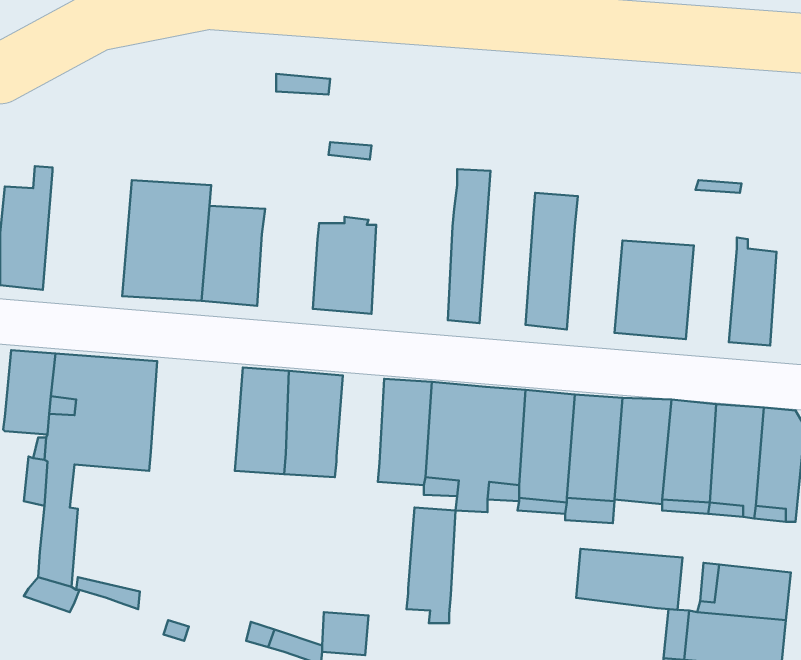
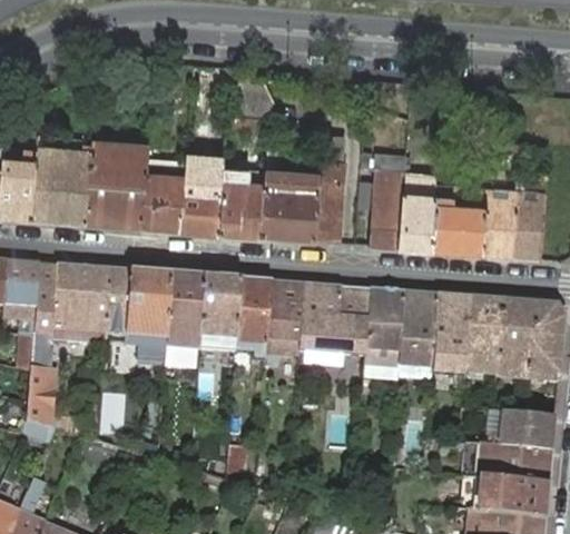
building: none -> [31,136,94,224]
building: none -> [262,146,318,240]
building: none -> [399,175,438,249]
building: none -> [181,180,224,233]
building: none -> [482,188,518,256]
building: none -> [107,269,171,346]
building: [406,507,456,623] -> [236,279,271,360]
building: [576,549,683,610] -> none

